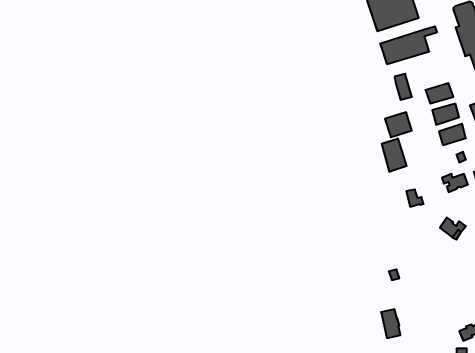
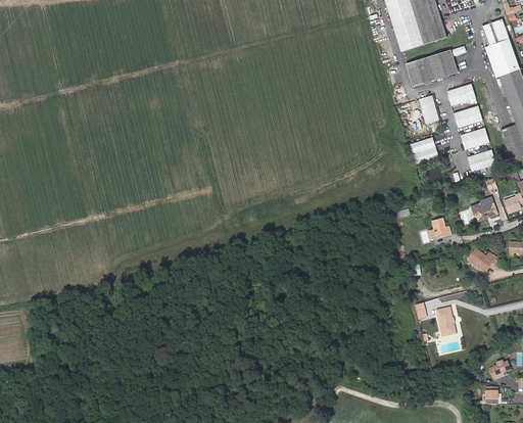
building: none -> [446,84,475,106]
building: [382,138,407,172] -> none
building: [381,309,400,338] -> [435,307,456,337]

